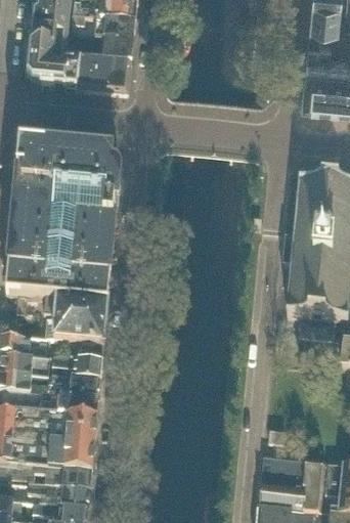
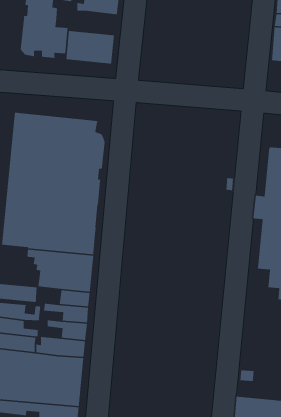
building: [65,26,133,50] -> none

